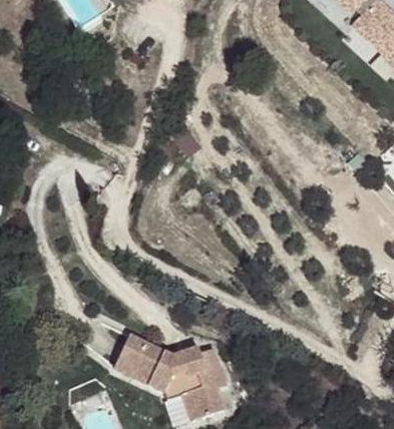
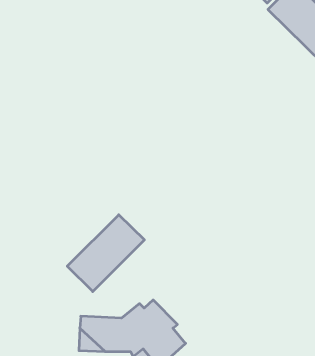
building: none -> [67,215,144,292]

